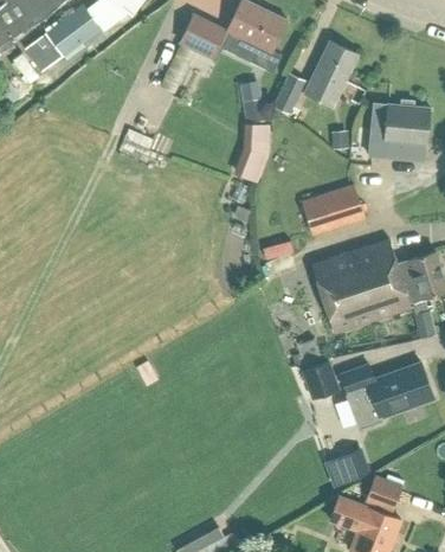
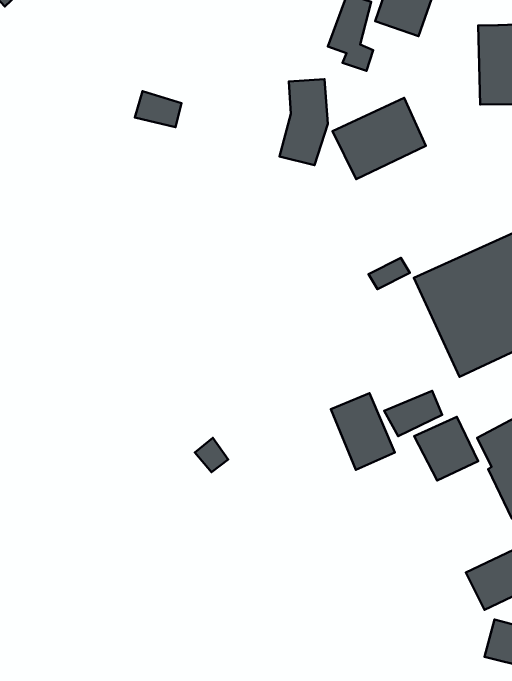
building: [240,81,265,123] -> none
building: [304,185,365,235] -> [333,98,426,179]
building: none -> [331,393,395,470]

